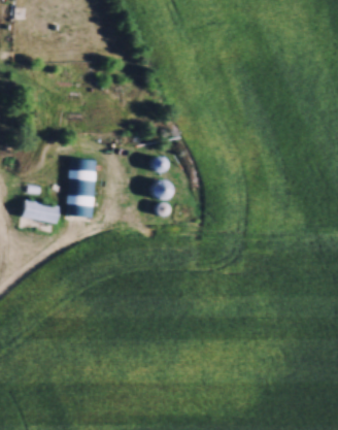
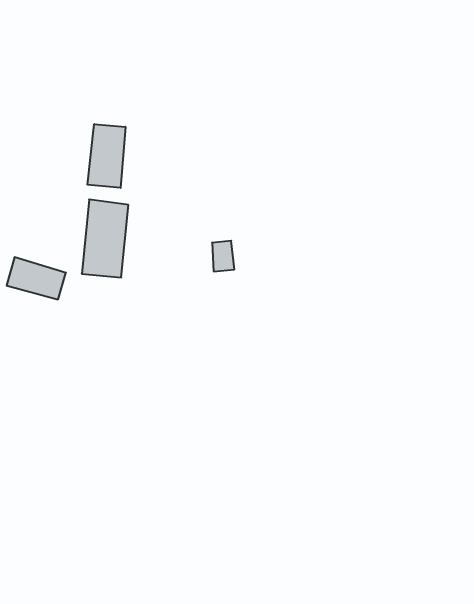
building: none -> [88,124,125,188]

